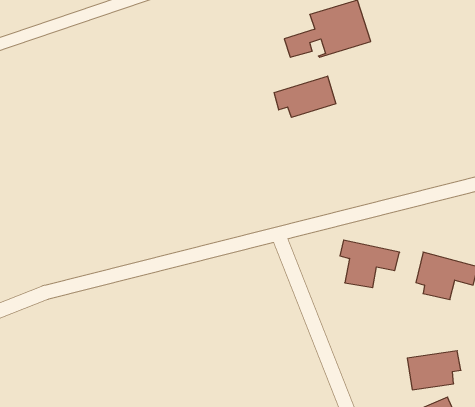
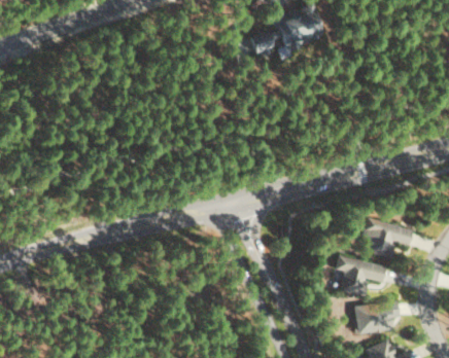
building: [274,76,336,117] -> none
building: [340,240,400,288] -> [337,255,387,295]

